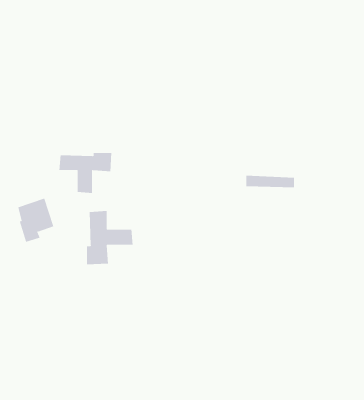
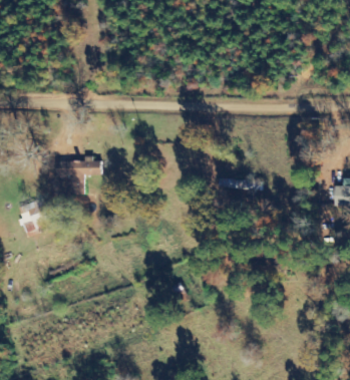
building: [86,210,133,265] -> none

